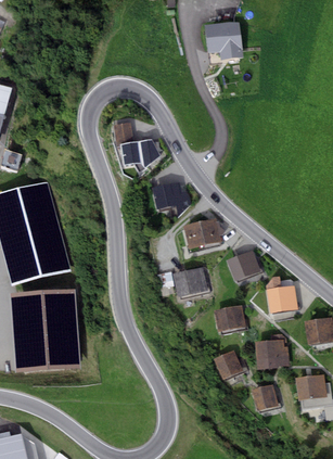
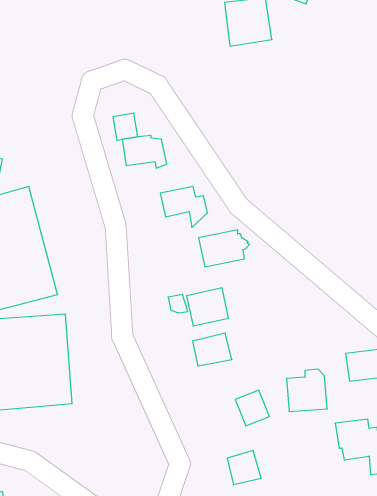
building: [227,248,260,279] -> none
building: [266,273,297,311] -> none
building: [215,303,247,330] -> [192,333,232,366]
building: [252,382,280,410] -> [227,450,261,485]

